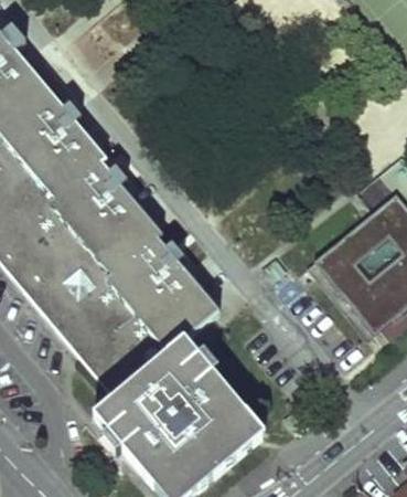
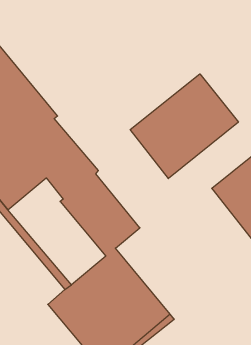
building: none -> [130,74,238,179]
building: [40,244,172,389] -> none

